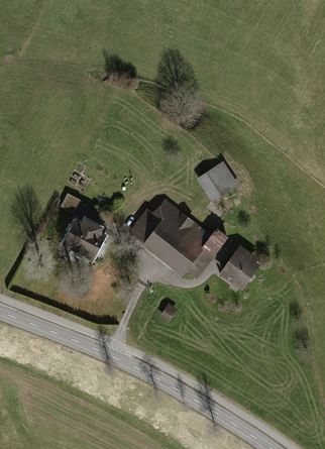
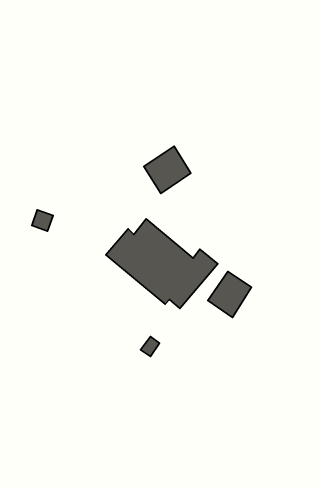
building: [195,160,237,203] -> [144,146,191,193]
building: [61,217,106,260] -> none

